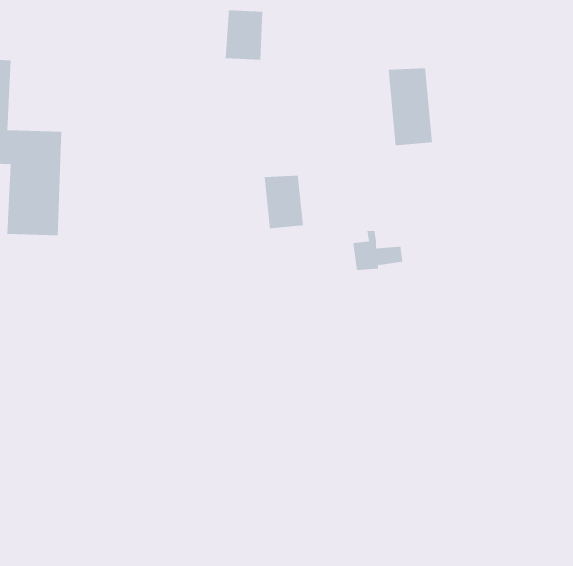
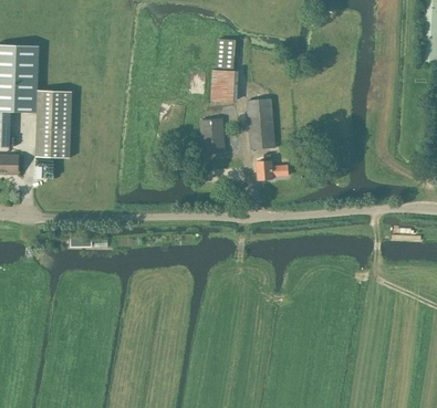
building: [225,10,263,60] -> [211,69,236,101]
building: [388,68,433,146] -> [247,98,275,148]

